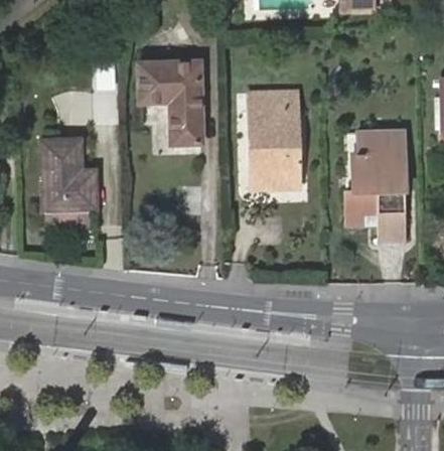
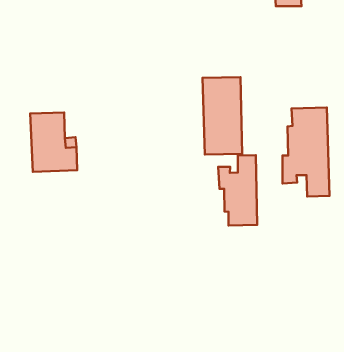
building: [140,65,201,146] -> none
building: none -> [218,155,257,225]

